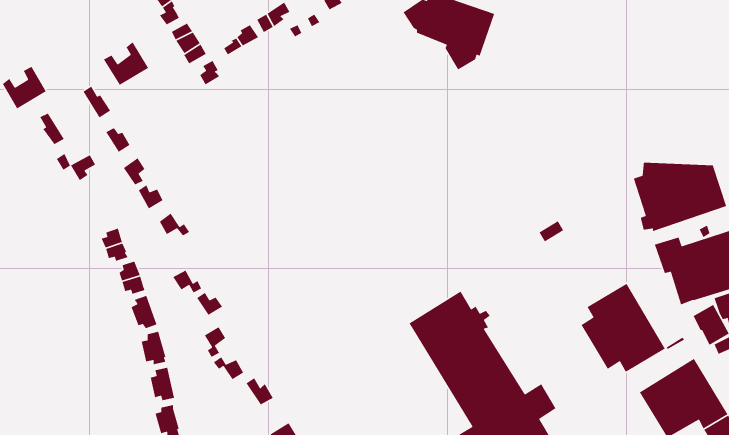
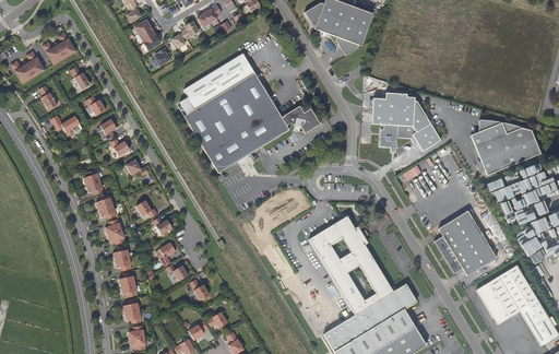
building: [103,41,149,86] -> [43,32,76,64]
building: none -> [178,51,320,170]
building: none -> [372,92,441,151]

